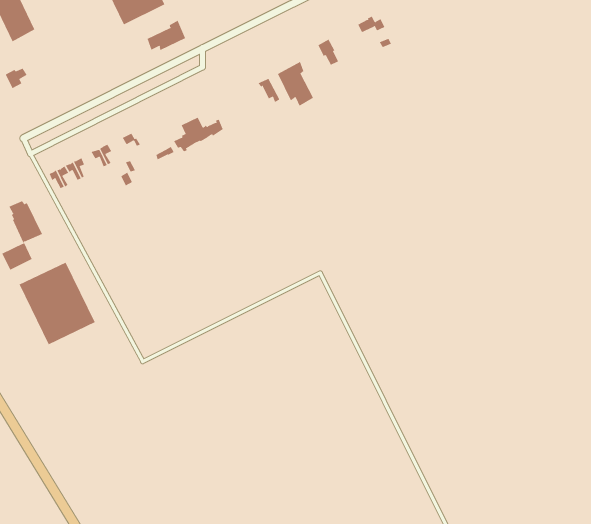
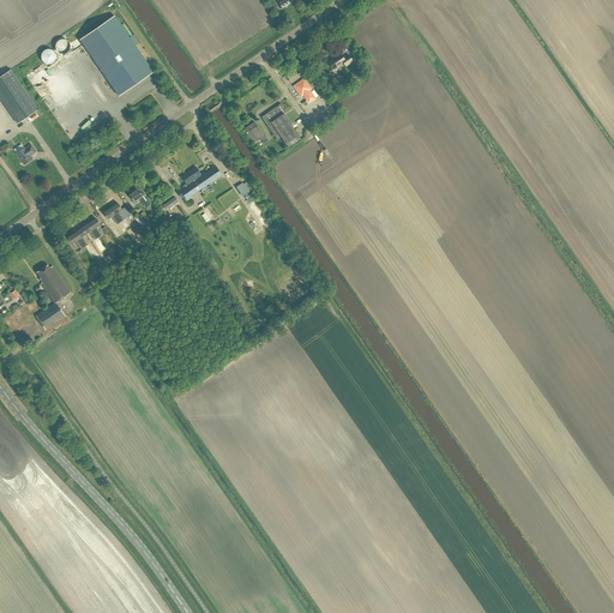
building: [147,20,186,51] -> none
building: [19,262,96,345] -> none

